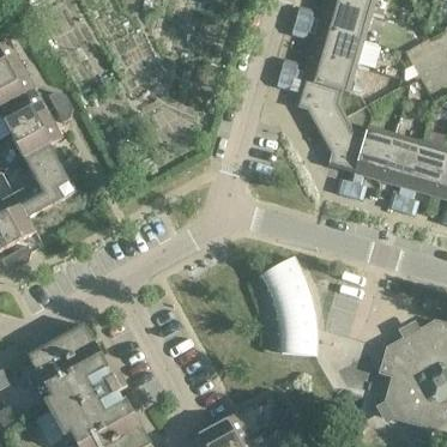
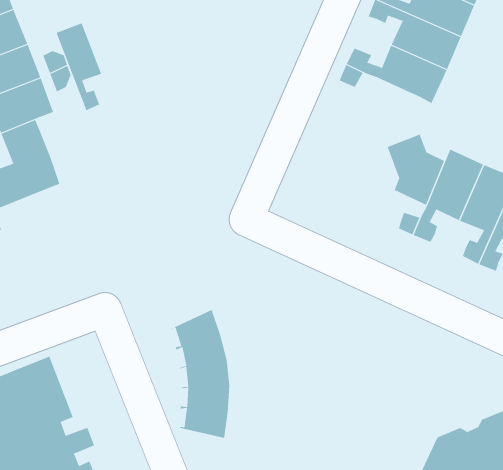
building: none -> [56,23,102,111]
building: [296,79,343,131] -> none
building: [262,258,315,355] -> [170,309,230,439]

